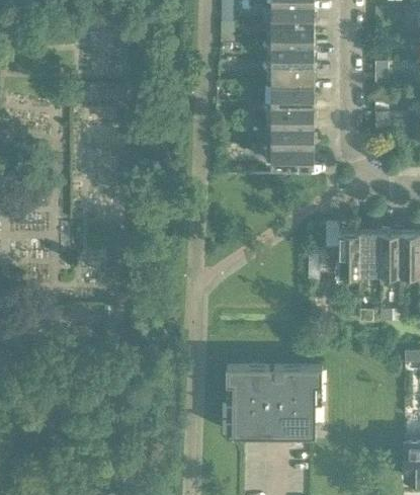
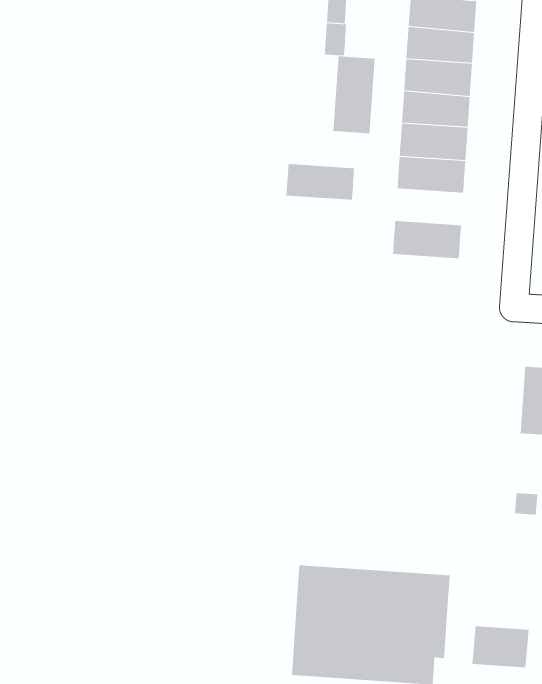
building: none -> [333,56,375,134]
building: [270,127,313,147] -> [286,164,355,200]
building: [317,233,358,275] -> none
building: none -> [472,625,529,668]

